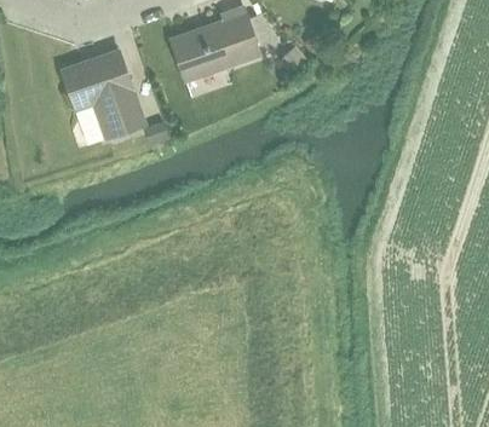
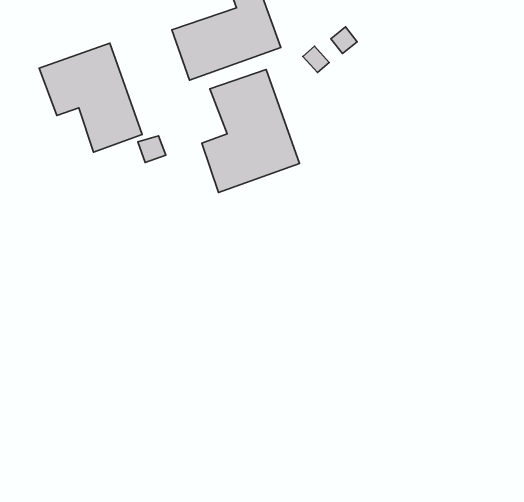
building: none -> [202,69,299,192]

